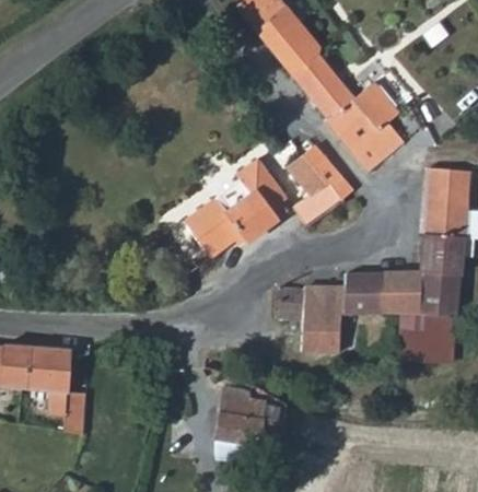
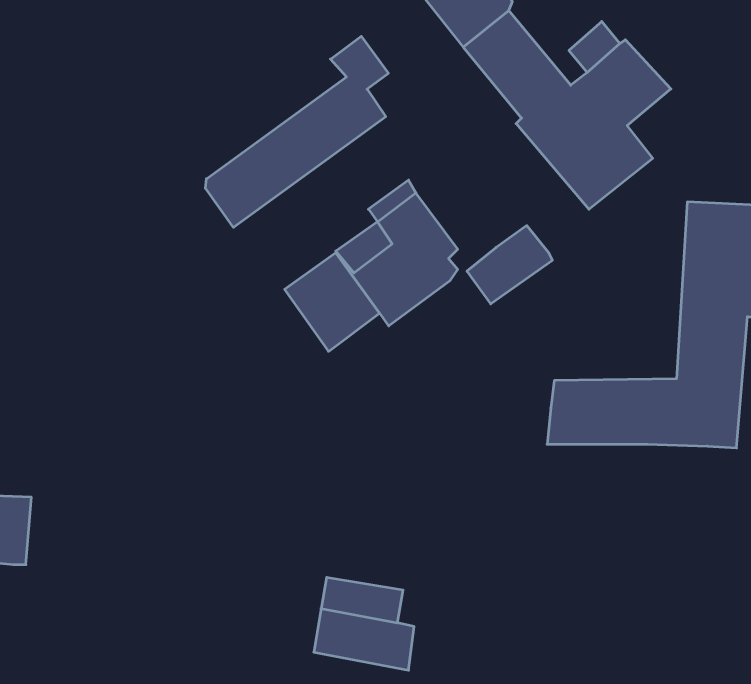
building: none -> [205,36,388,227]
building: [287,147,353,199] -> none
building: [278,291,345,354] -> none
building: [399,314,456,362] -> none
building: [30,345,85,436] -> none

